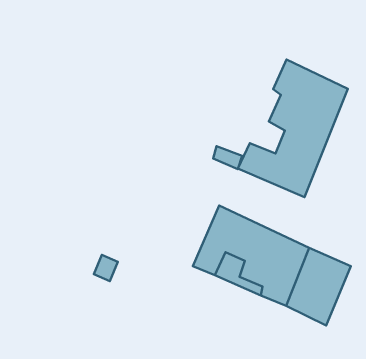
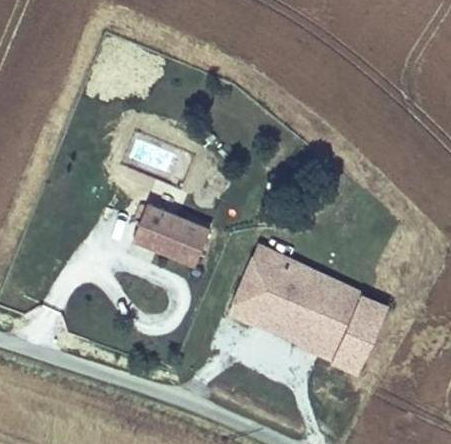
building: [238,59,348,197] -> none
building: none -> [130,202,211,266]

